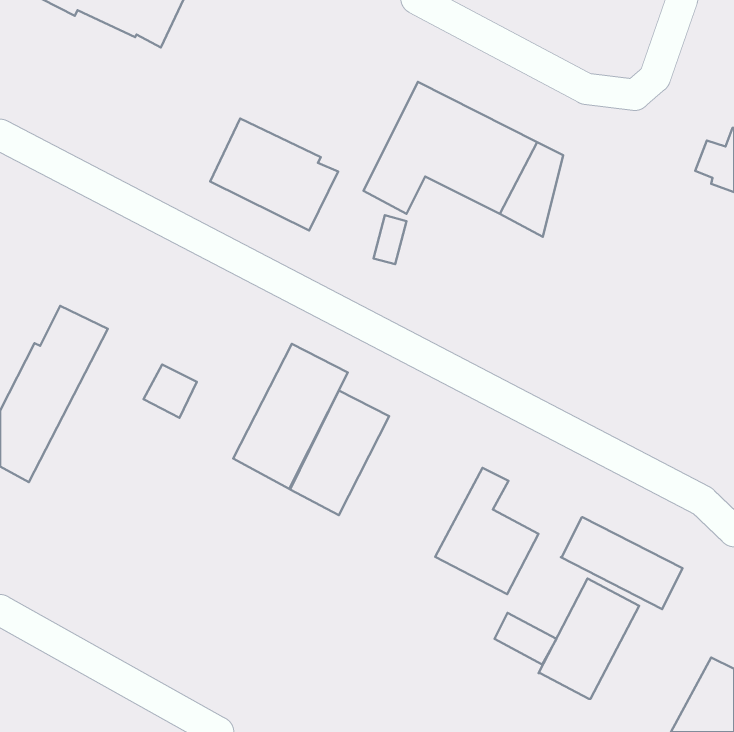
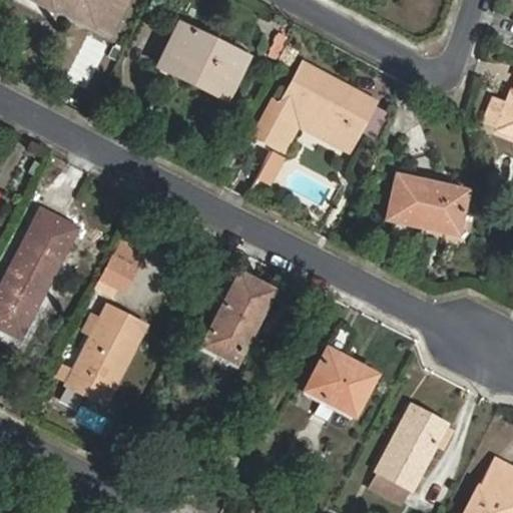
building: [210,118,338,230] -> [157,22,246,100]
building: none -> [386,174,466,232]
building: [233,344,348,489] -> [65,305,145,406]
building: [561,517,683,609] -> none
building: [495,613,556,665] -> [368,470,411,506]

